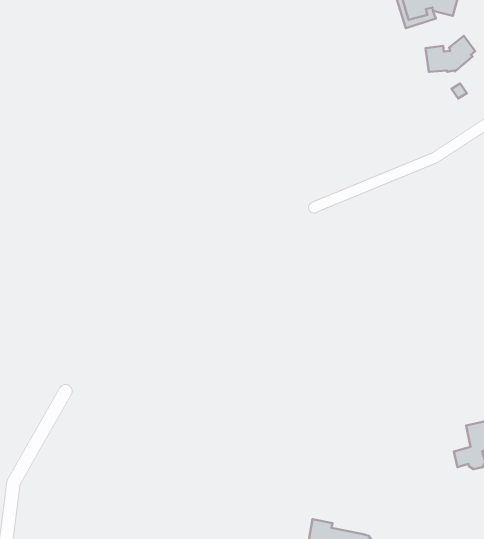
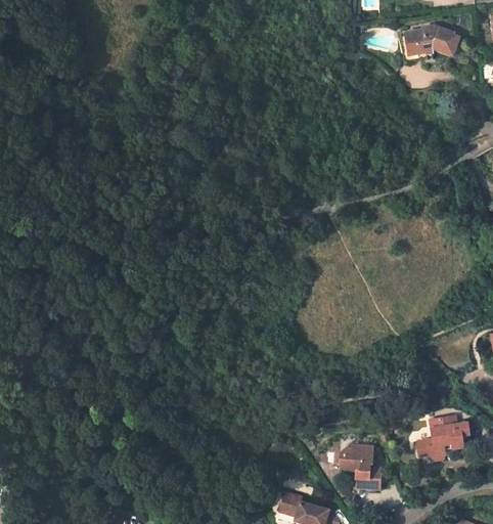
building: [426,36,475,72] -> none
building: none -> [340,445,380,492]

